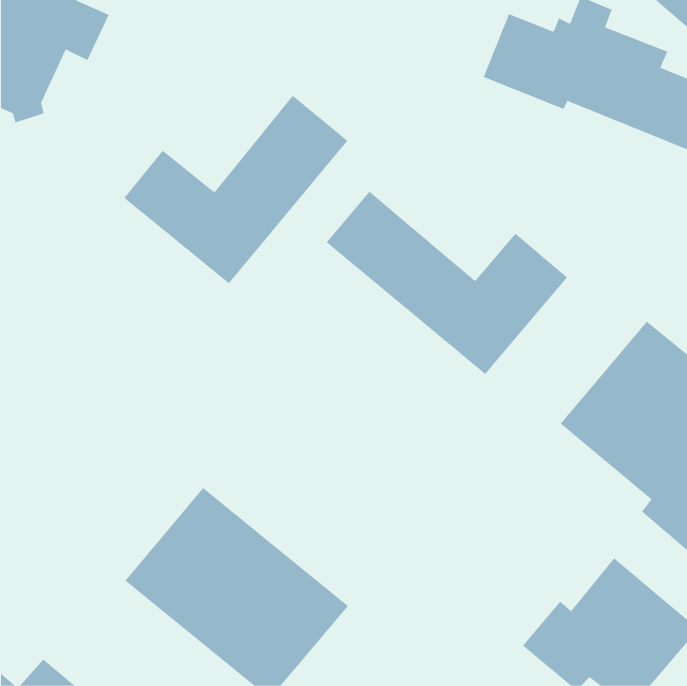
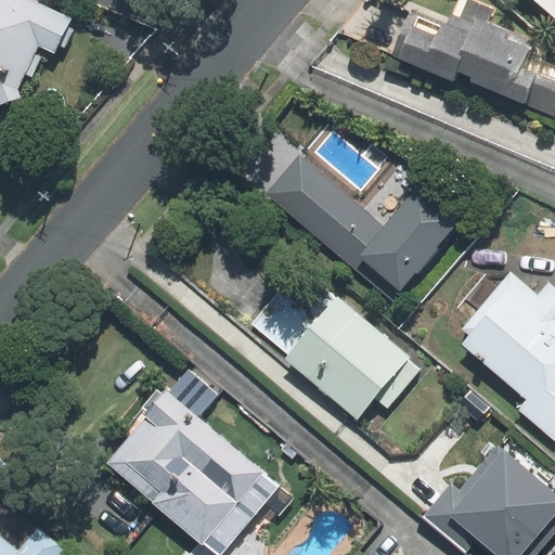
building: [123,95,348,284] -> none
building: none -> [250,283,424,423]

